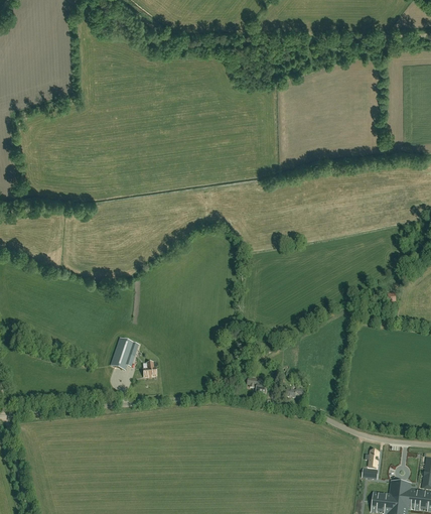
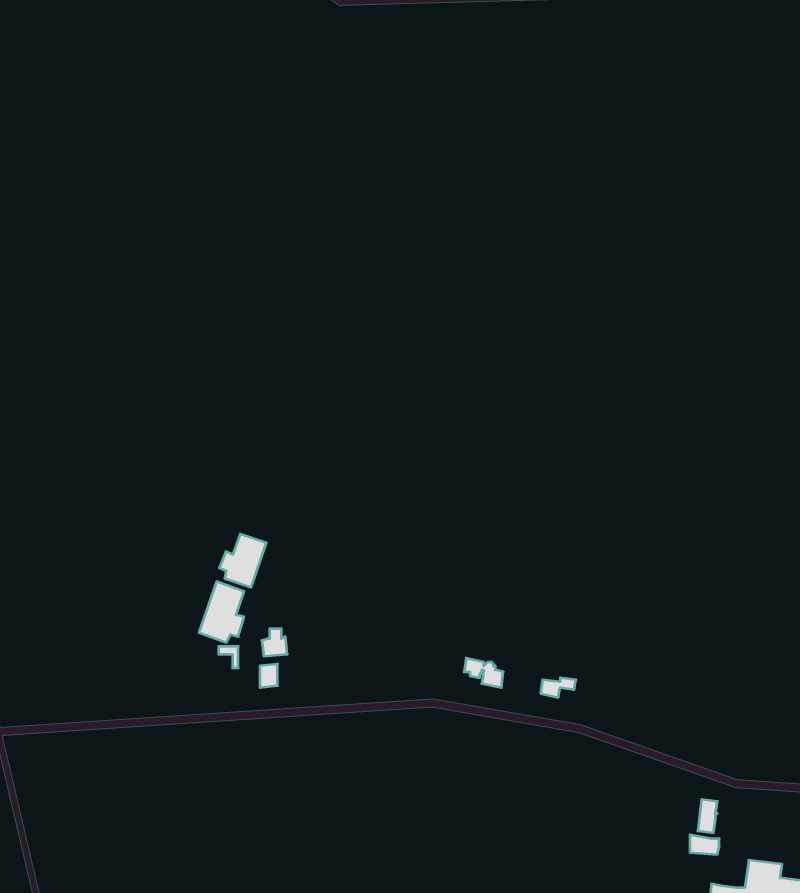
building: none -> [219,534,266,587]

